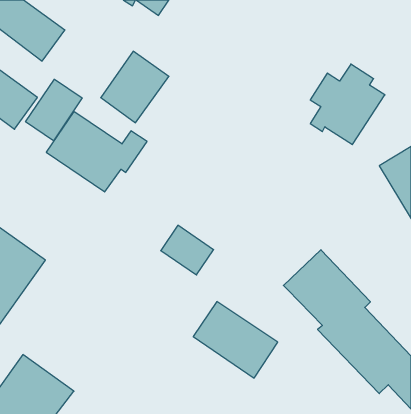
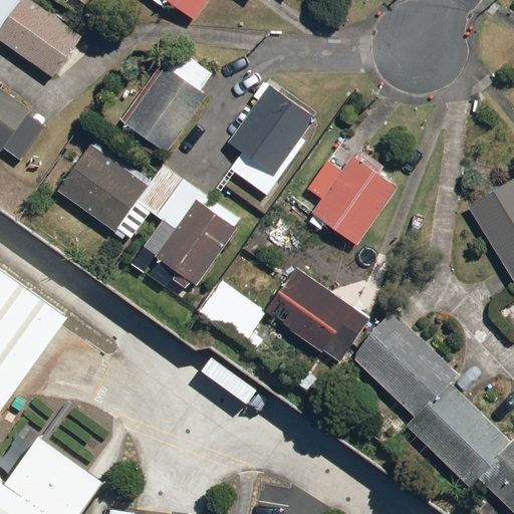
building: [310,64,385,145] -> [307,148,400,247]
building: none -> [229,83,317,197]
building: [26,79,82,141] -> none
building: none -> [143,177,243,287]
building: [193,302,278,378] -> [266,267,370,361]

